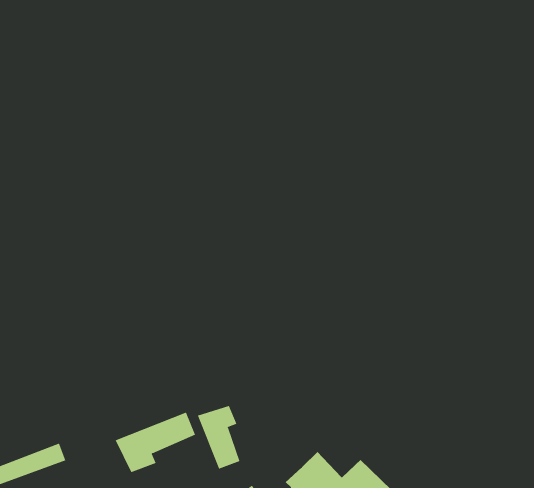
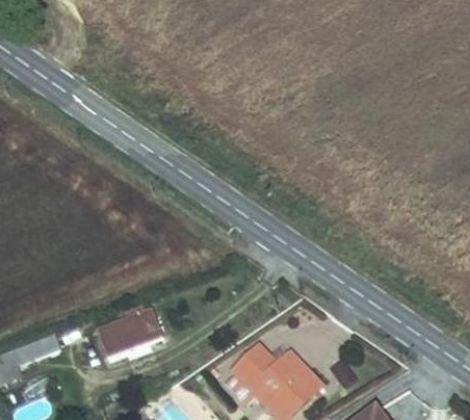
building: [197,405,240,470] -> none

